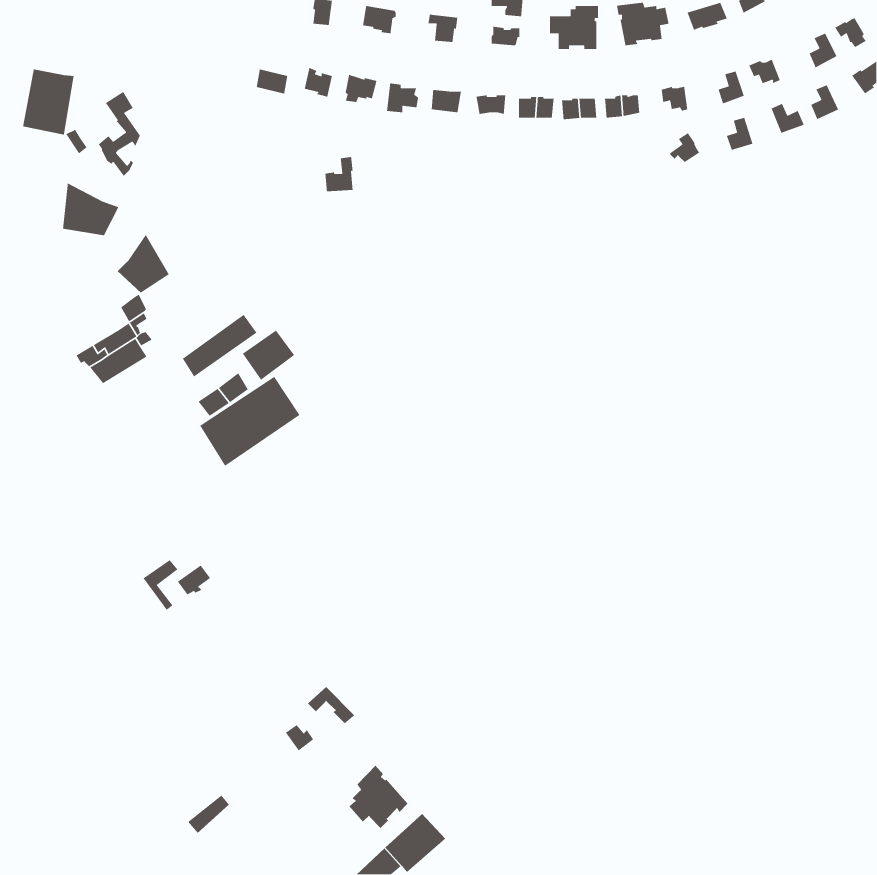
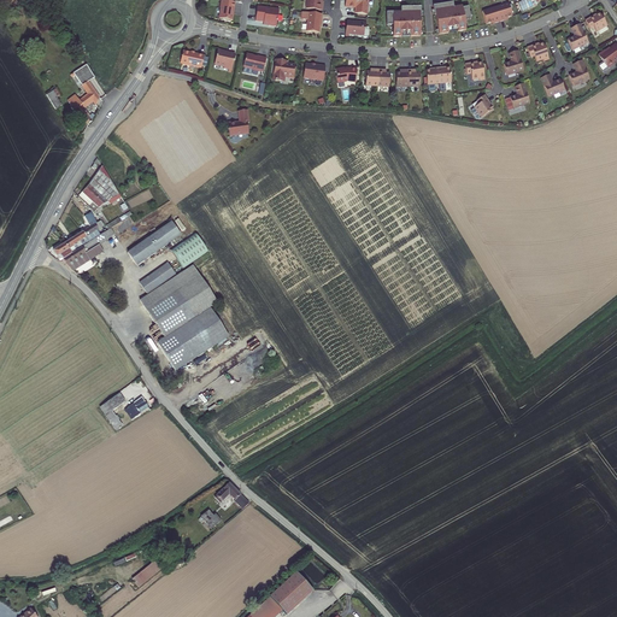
building: [22,69,75,135] -> none
building: [62,182,120,236] -> none
building: none -> [157,292,228,370]
building: [348,765,409,829] -> none

